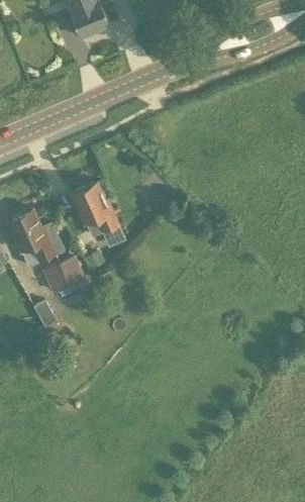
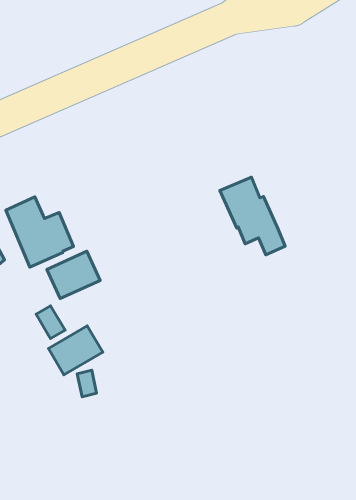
building: [71,184,125,248] -> [220,177,285,255]
building: none -> [49,326,103,375]

